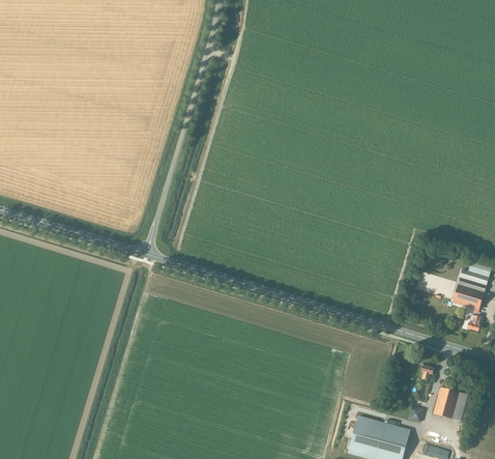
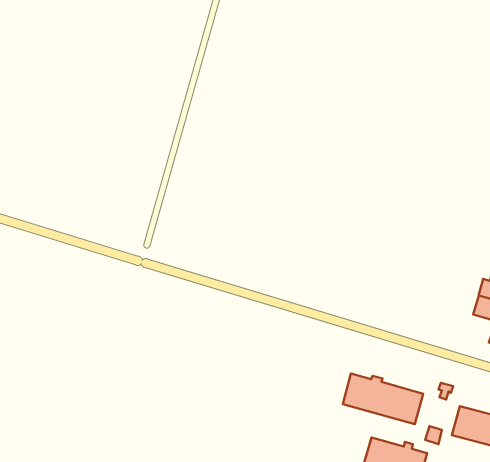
building: none -> [343,374,423,424]

